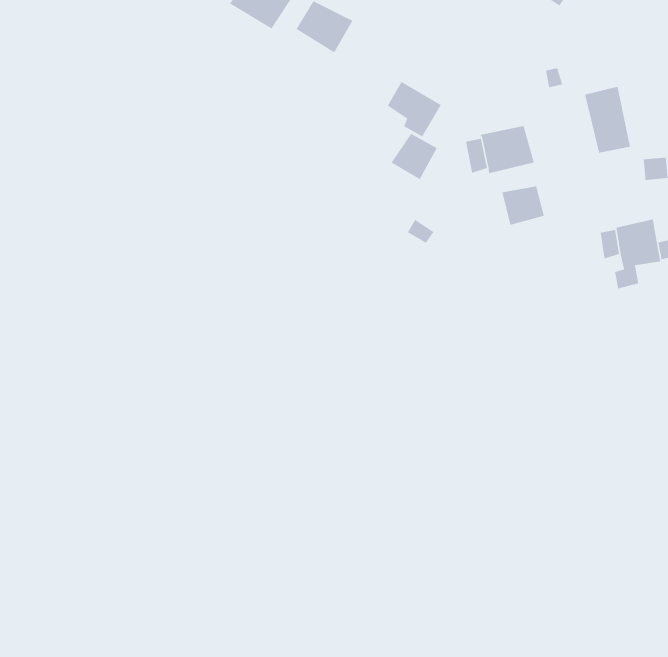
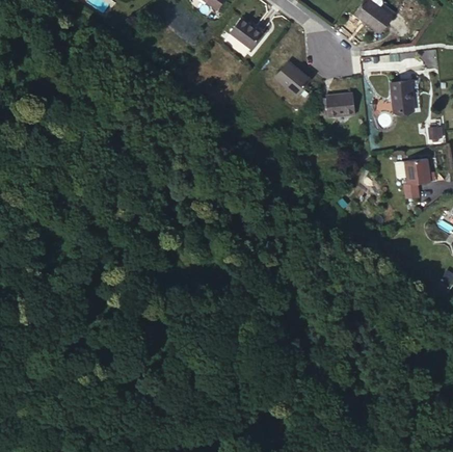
building: [391,133,438,180] -> none
building: [501,186,545,226] -> none

